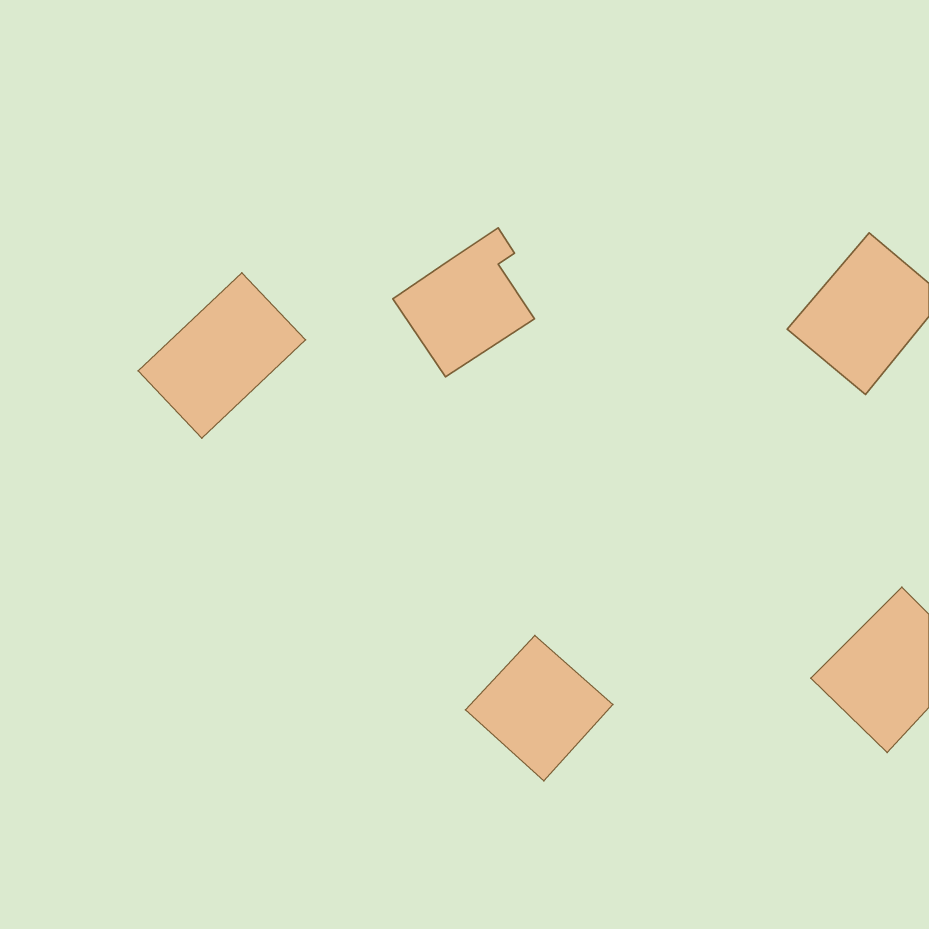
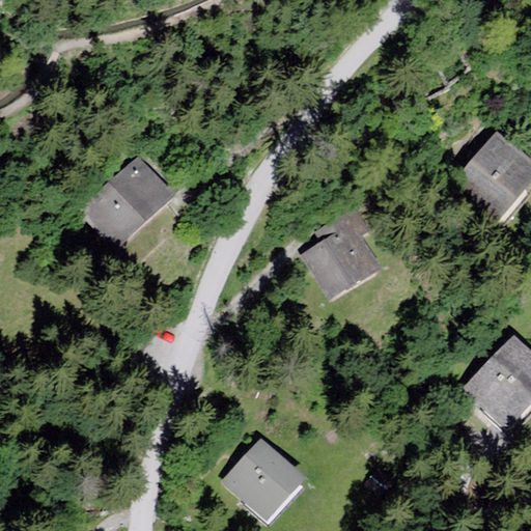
building: [393,228,535,377] -> [300,215,381,300]
building: [466,635,613,781] -> [221,438,305,521]

